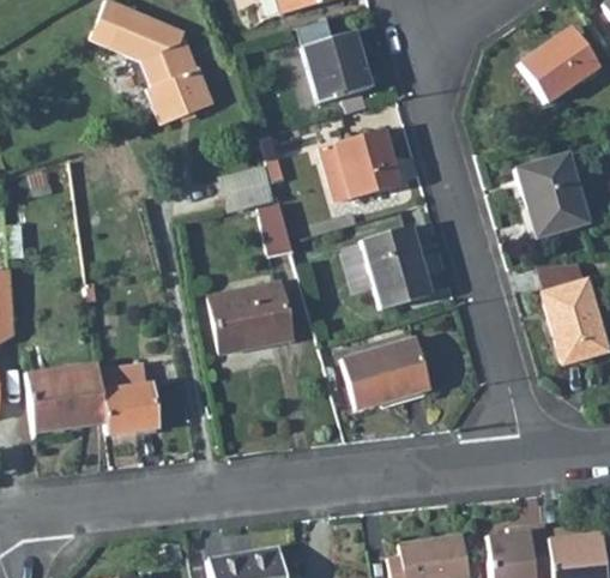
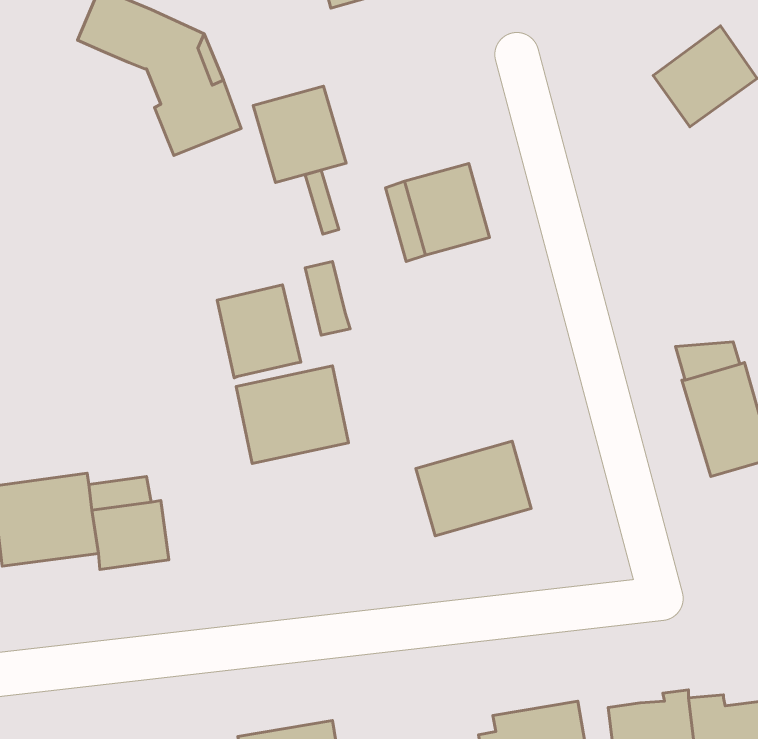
building: [301,31,370,103] -> [253,86,346,183]
building: [515,153,587,239] -> none
building: none -> [217,285,301,378]
building: [362,227,430,309] -> none

